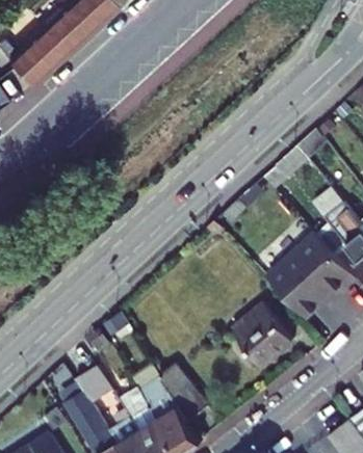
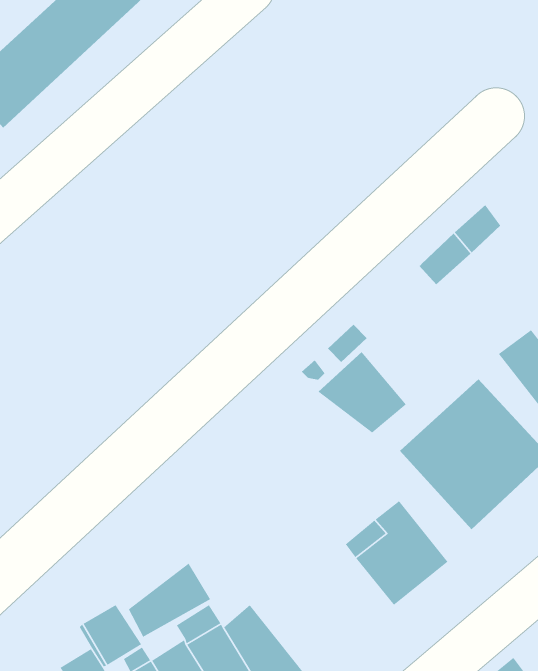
building: none -> [318,351,407,434]
building: none -> [128,562,211,638]

